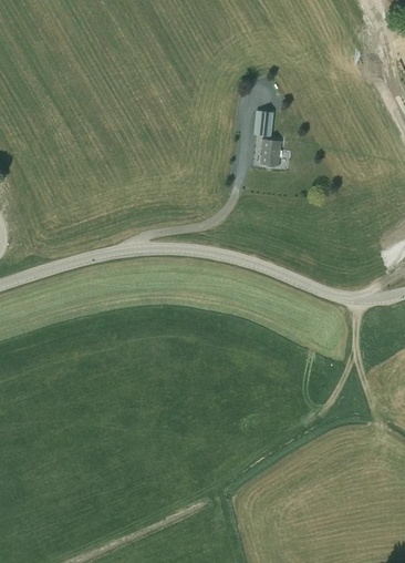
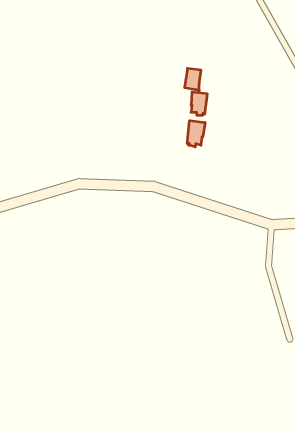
building: none -> [187,121,205,147]

